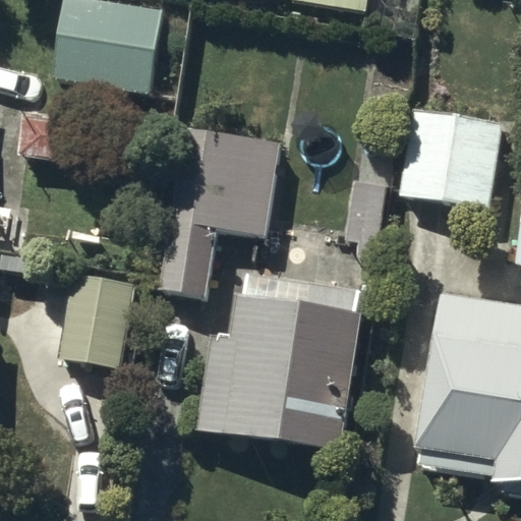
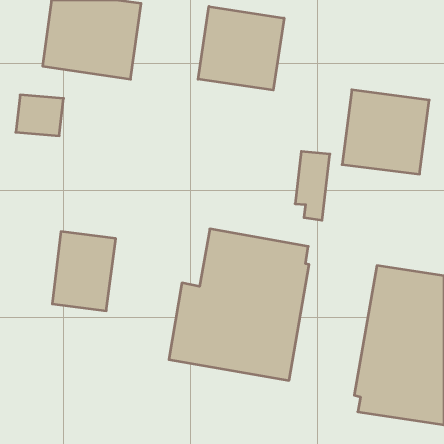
building: none -> [198,6,284,90]
building: [161,136,277,305] -> none

